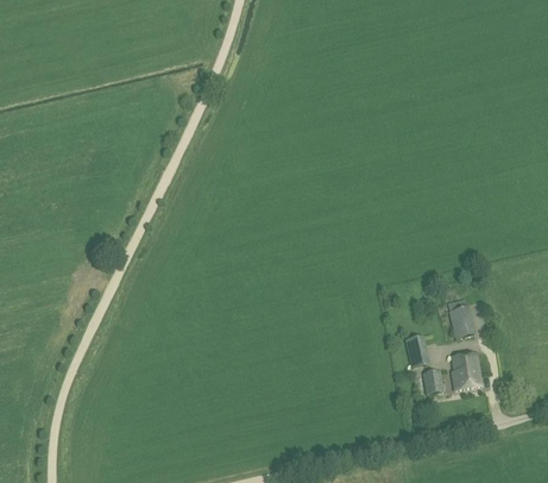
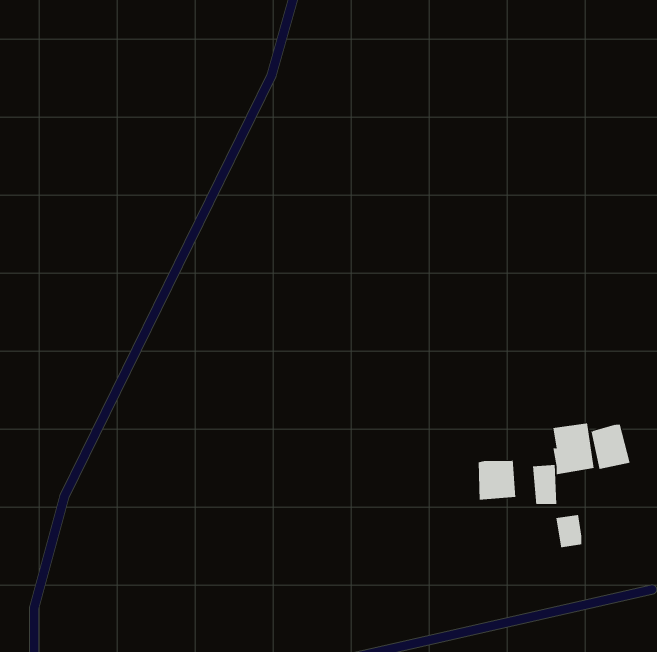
building: none -> [478,460,516,500]
building: [452,351,481,388] -> [553,423,594,475]

